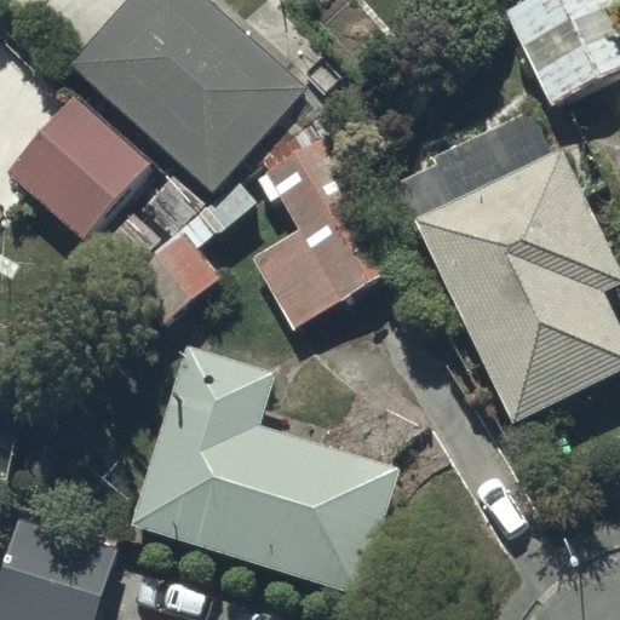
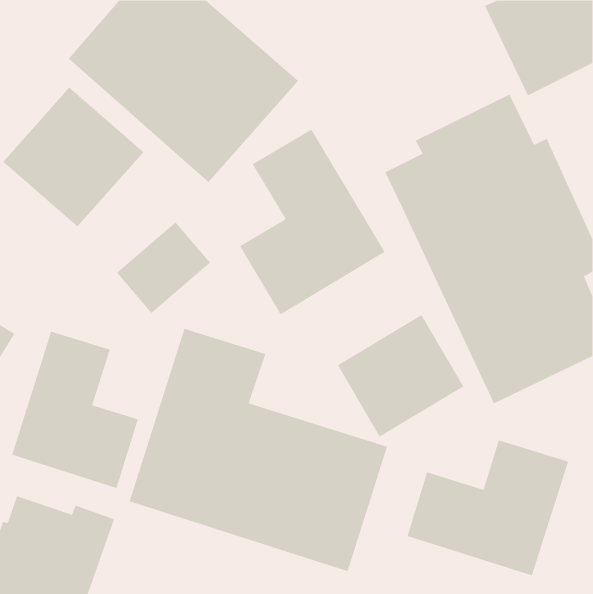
building: none -> [337,314,464,437]
building: none -> [11,331,139,489]
building: none -> [407,439,569,576]

